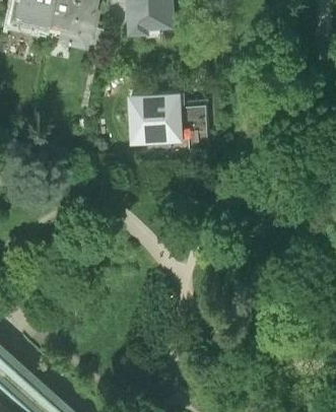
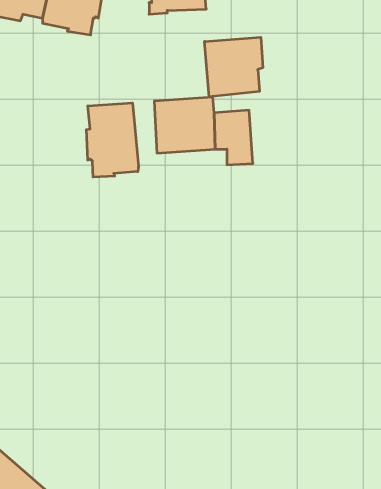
building: none -> [205,37,263,97]
building: none -> [86,103,138,177]

